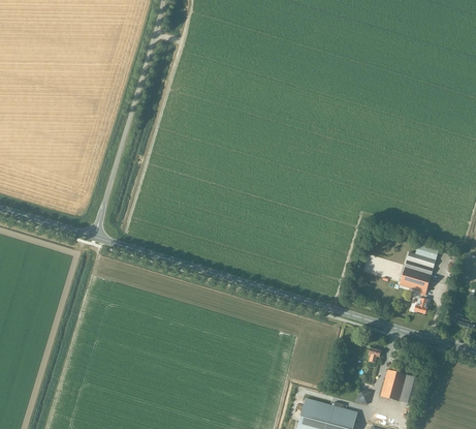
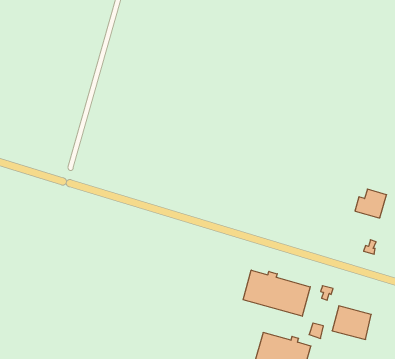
building: [399,267,430,292] -> none
building: none -> [243,270,310,316]

